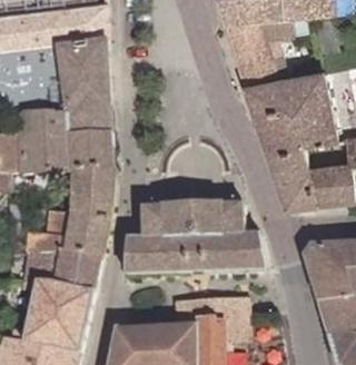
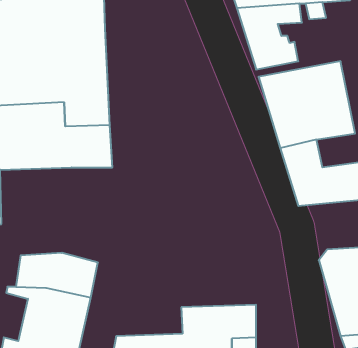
building: [27,167,111,255] -> none
building: [121,200,264,272] -> none

